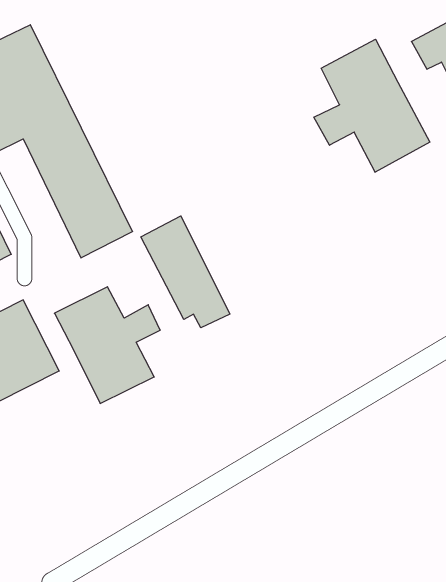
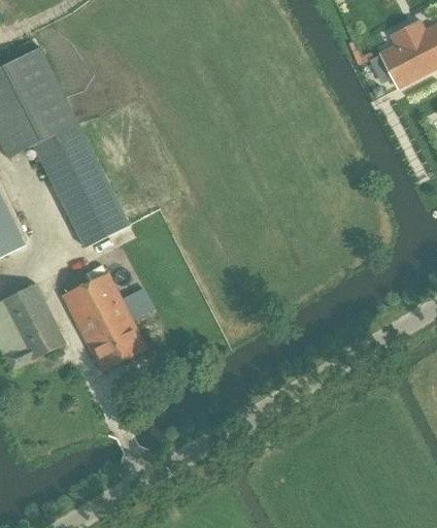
building: [314,39,430,172] -> none
building: [141,216,230,328] -> none

